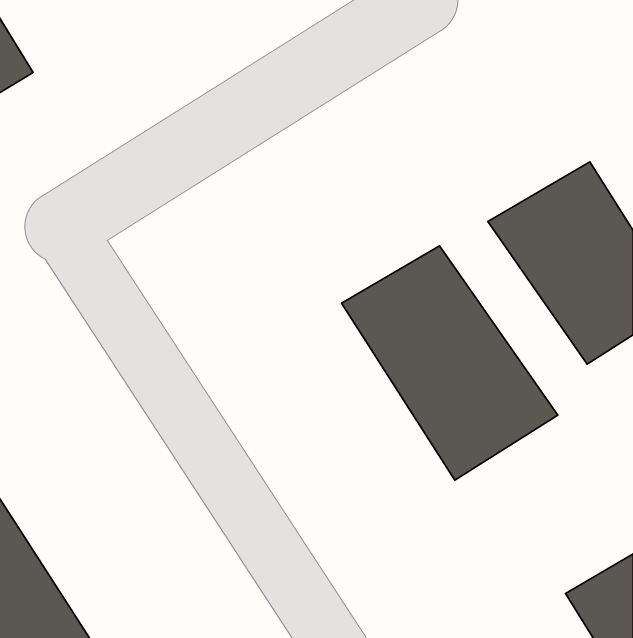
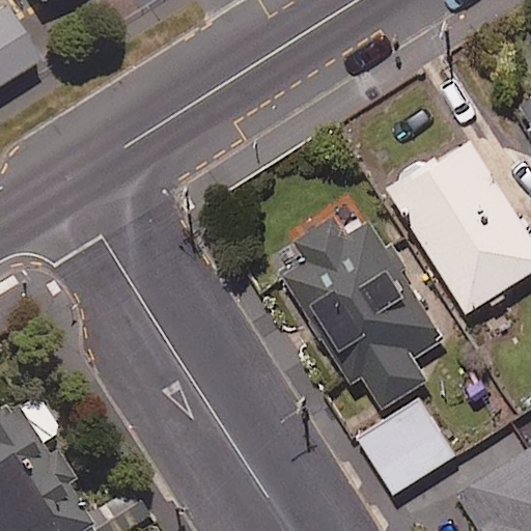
building: none -> [346,404,443,500]

